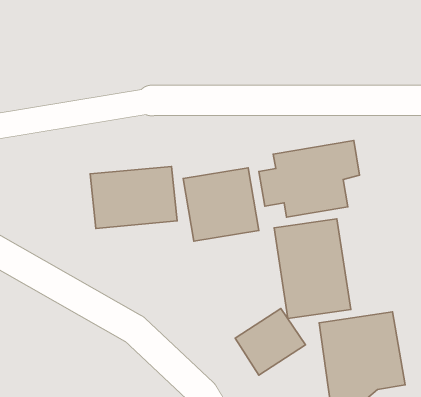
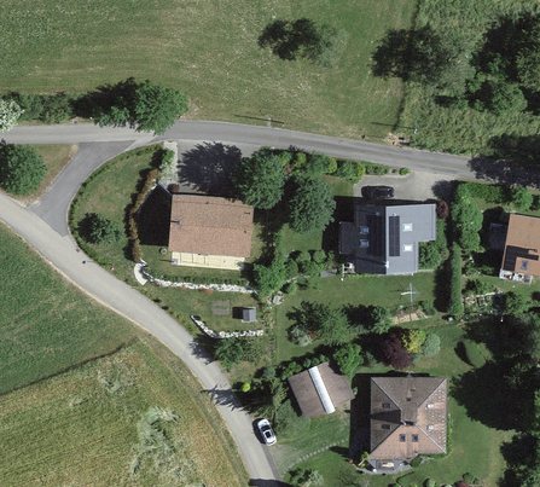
building: [183,168,259,241] -> none
building: [274,219,351,319] -> none

